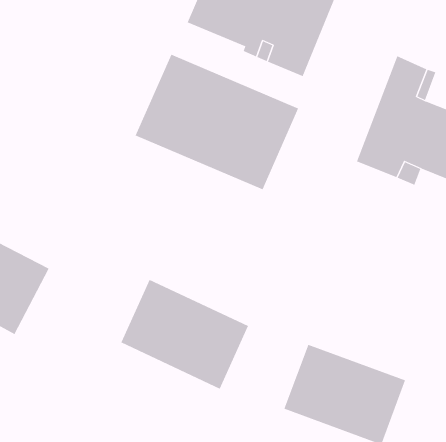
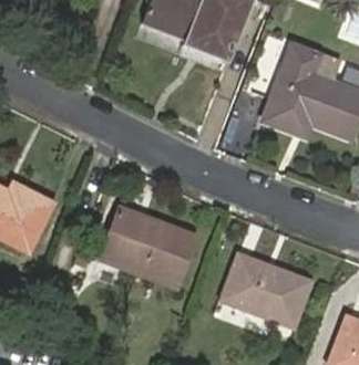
building: [135,54,299,190] -> none

